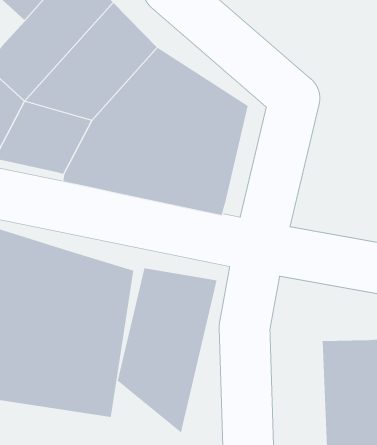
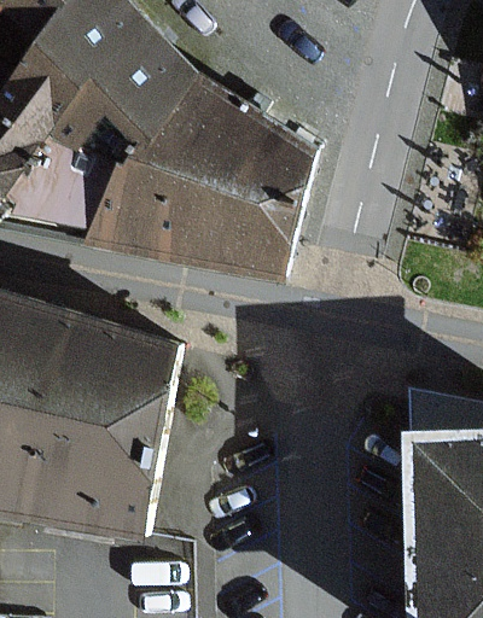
building: [117,267,217,434] -> none

